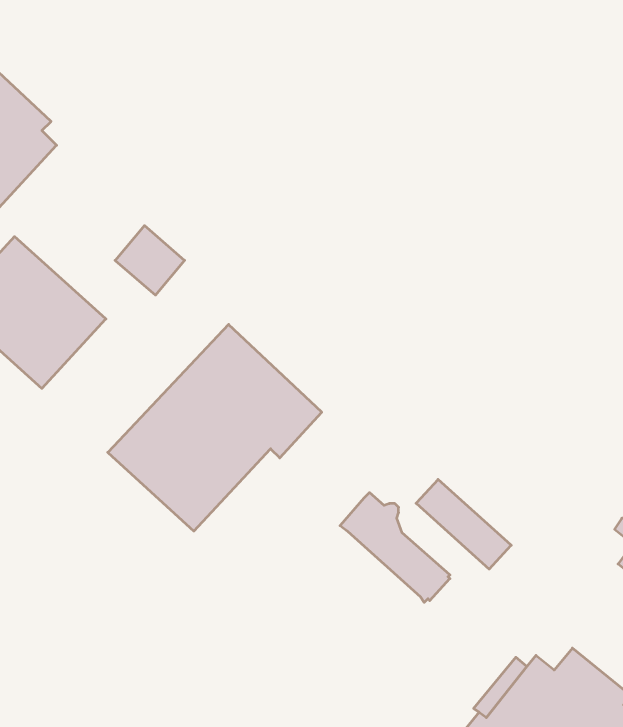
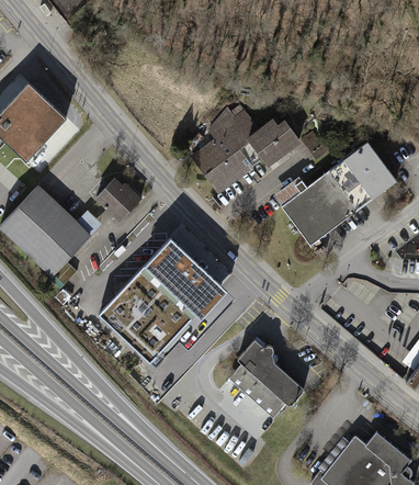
building: none -> [191,105,306,195]
building: none -> [278,142,395,246]
building: [416,479,511,569] -> [228,362,285,416]

